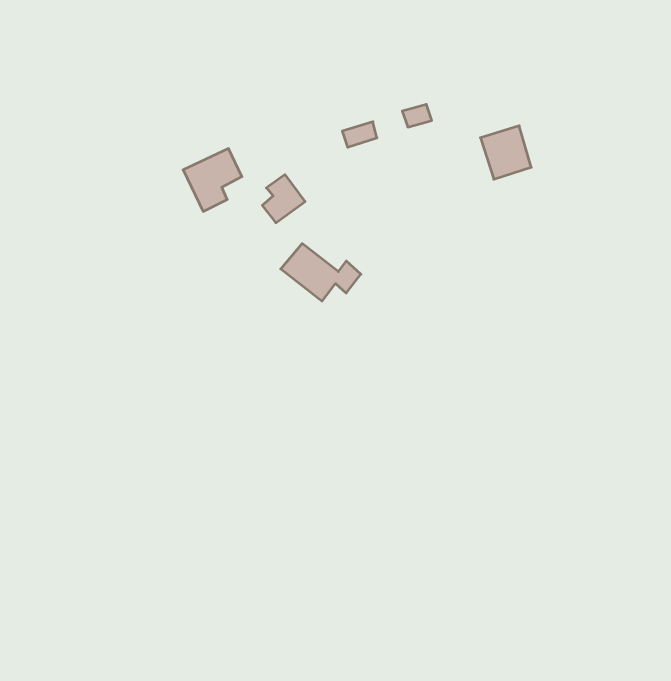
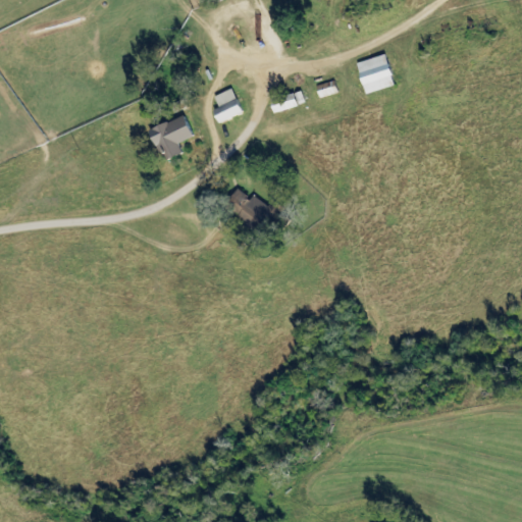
building: [480,126,531,179] -> [356,53,395,94]
building: [262,175,305,223] -> [211,88,244,124]

